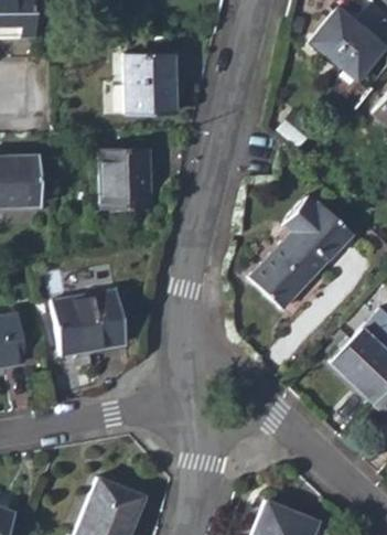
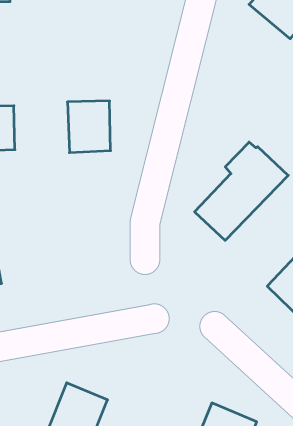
building: [123,54,175,116] -> none
building: [53,287,125,353] -> none

